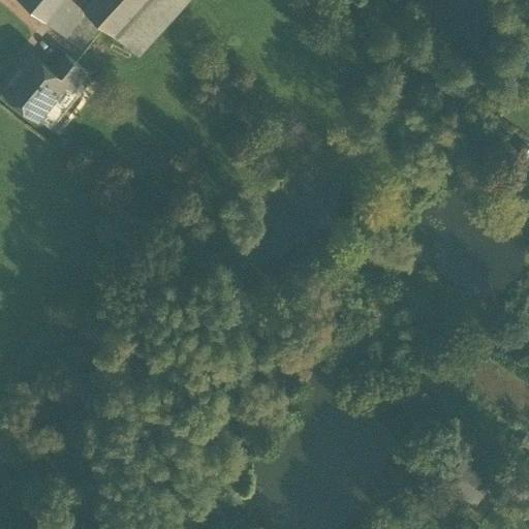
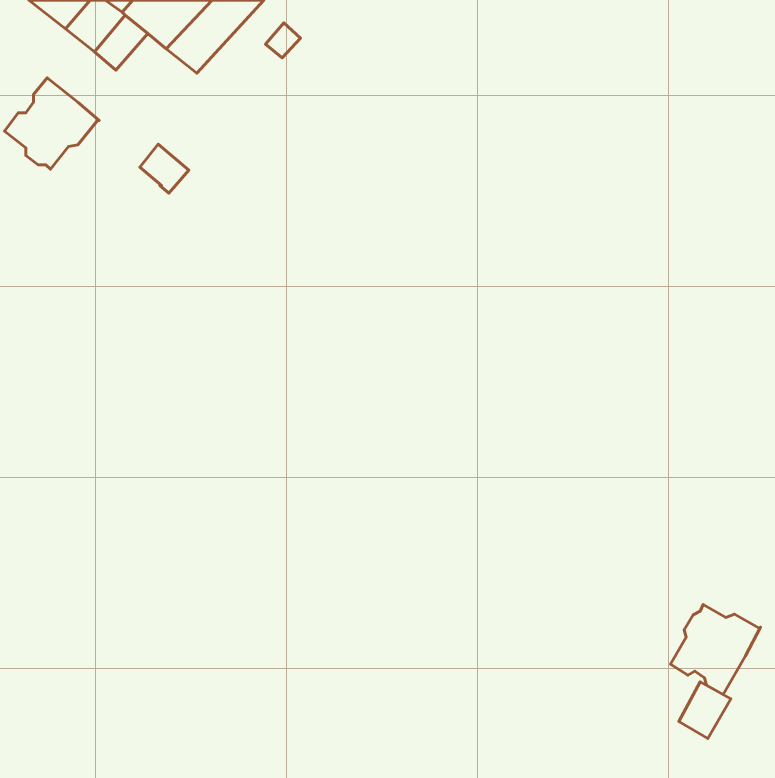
building: [56,55,89,88] -> [140,144,189,193]
building: none -> [671,604,760,695]

